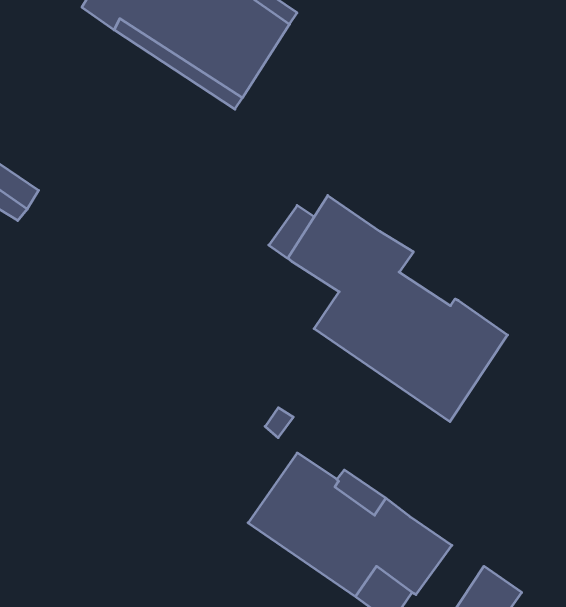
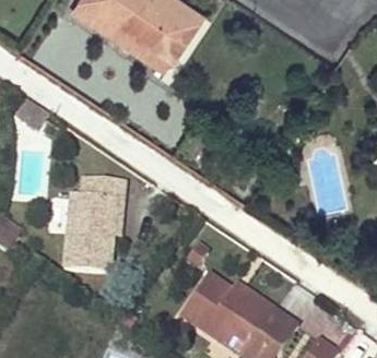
building: [288,195,508,422] -> none
building: none -> [66,175,127,271]

